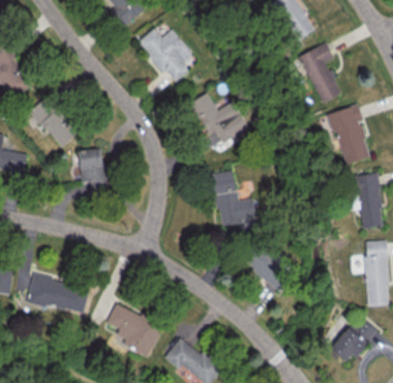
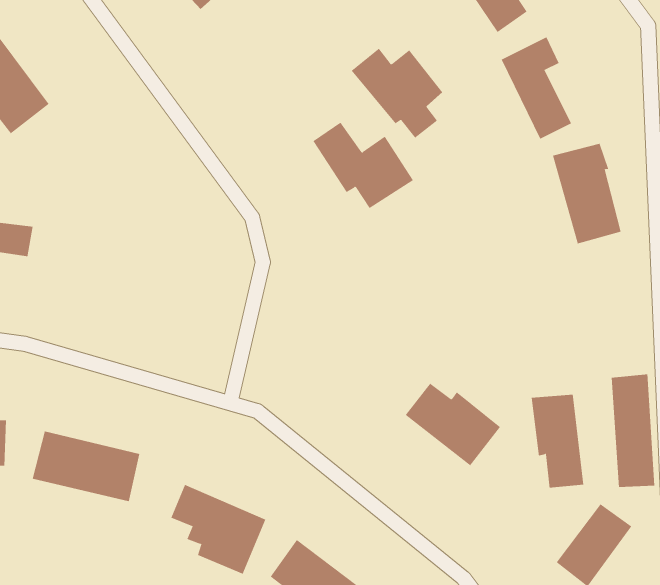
building: [138,29,191,82] -> [351,48,443,138]
building: [29,93,82,148] -> none
building: [79,149,107,194] -> none
building: [211,171,264,232] -> none
building: [352,174,383,229] -> [531,394,584,488]

